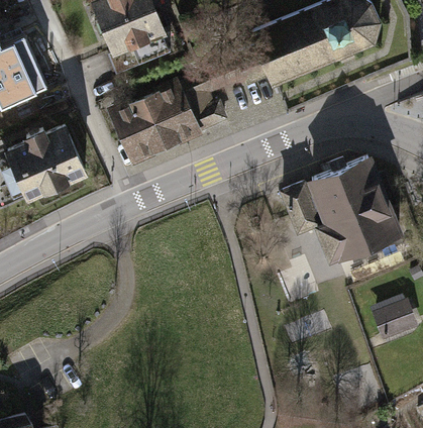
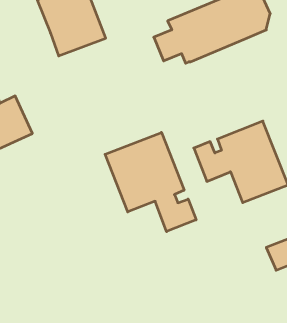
building: [111,77,216,159] -> none
building: none -> [105,132,196,232]

